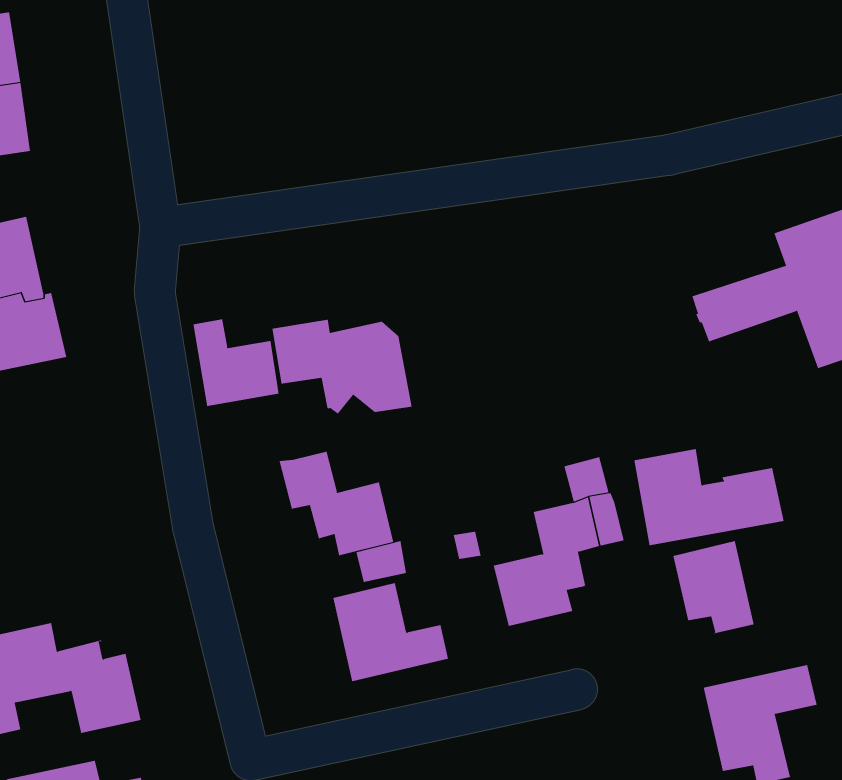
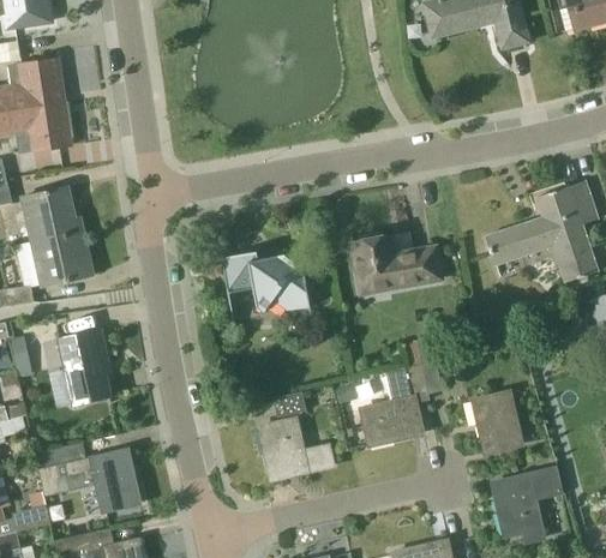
building: [193,319,279,407] -> none
building: none -> [59,331,109,404]
building: [634,449,784,546] -> [352,235,446,296]
building: [279,451,394,556] -> none

